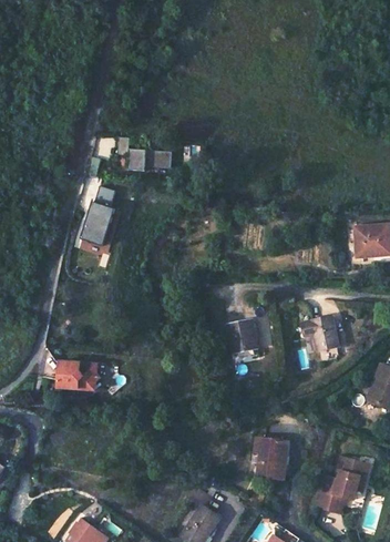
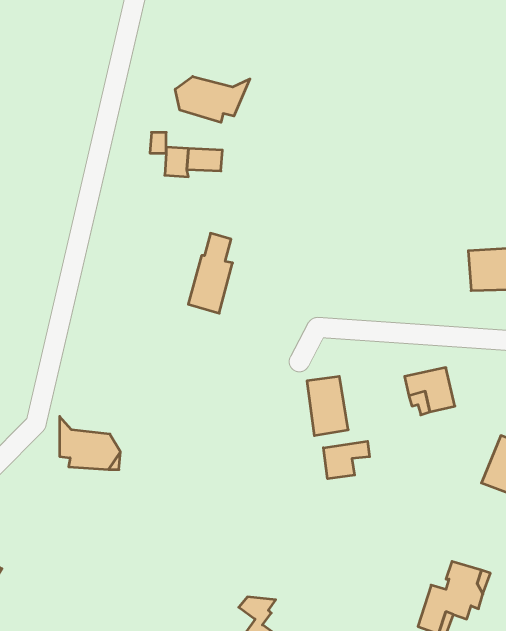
building: none -> [175,76,250,122]
building: [79,186,112,246] -> [188,233,233,313]
building: none -> [323,441,370,479]
building: [258,439,292,483] -> none

